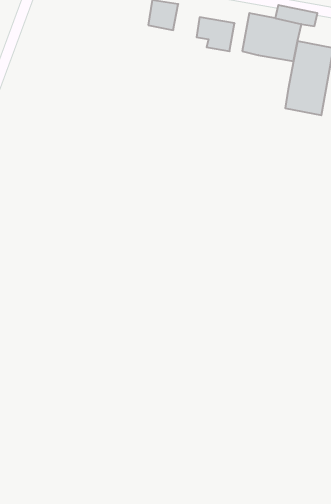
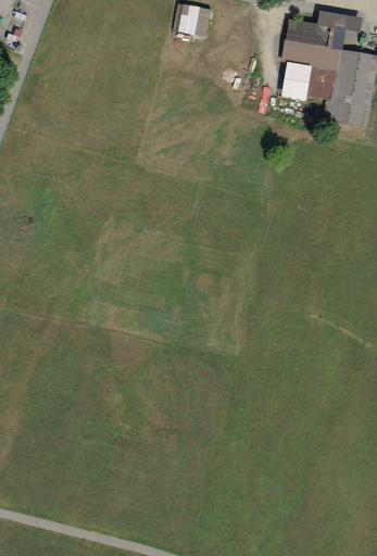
building: [197,17,235,51] -> [293,64,335,101]

